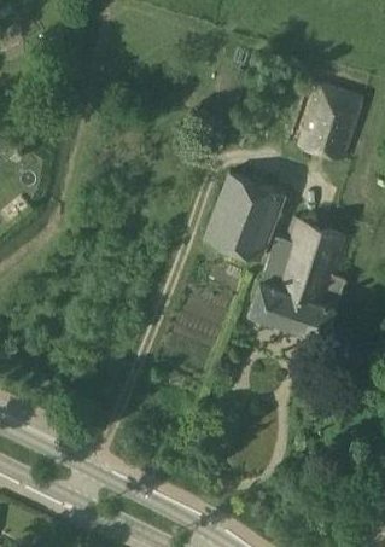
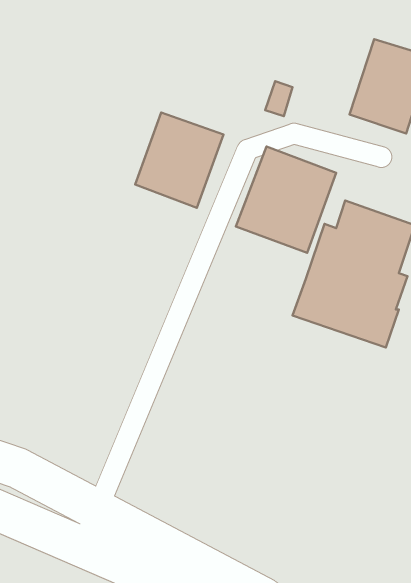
building: none -> [135,112,224,208]

